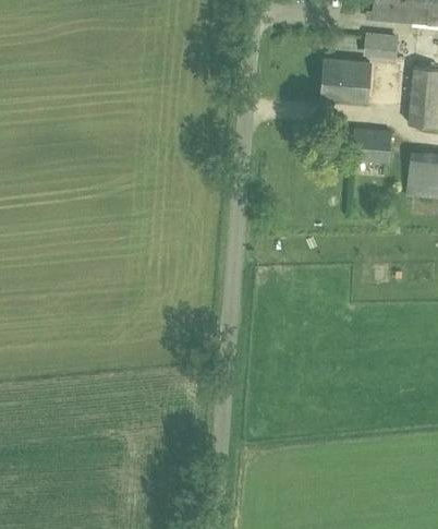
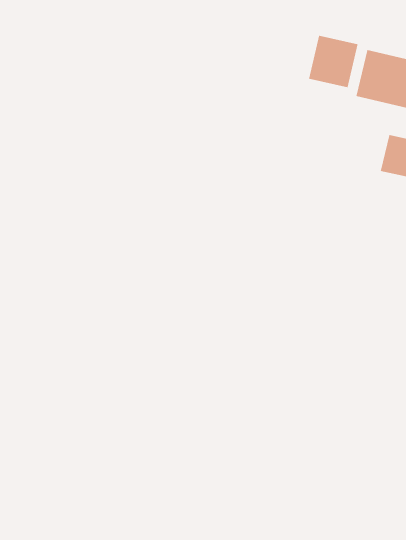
building: none -> [308,35,358,88]

